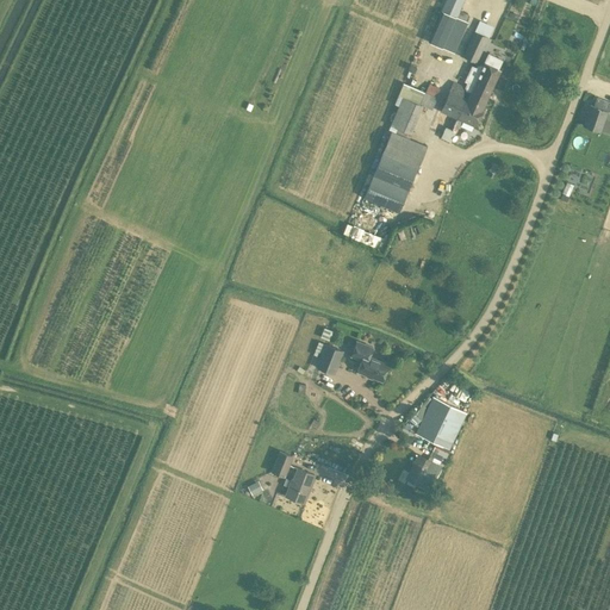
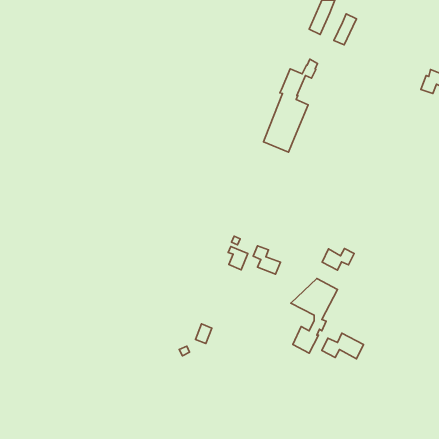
building: [436,70,498,142] -> none
building: none -> [322,249,354,270]
building: none -> [322,333,363,359]
building: [286,467,316,503] -> none

